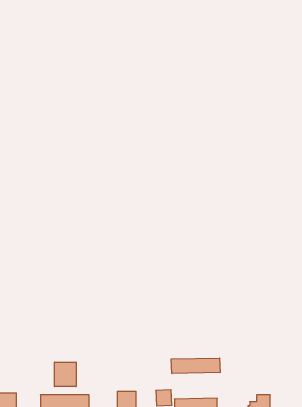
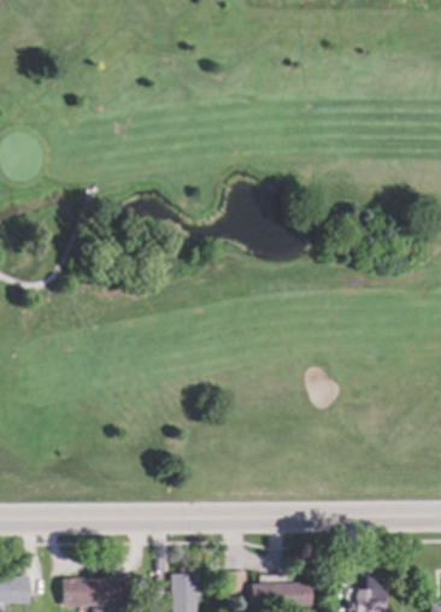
building: [171,358,220,374] -> none
building: [55,362,76,387] -> none

